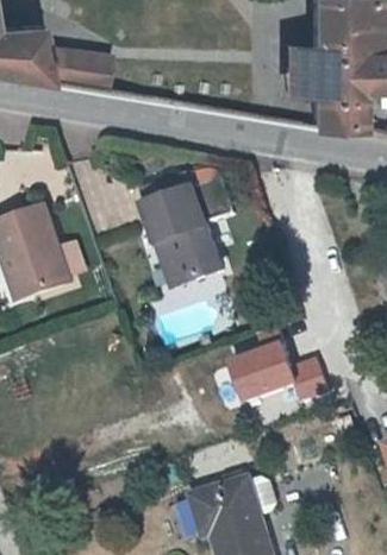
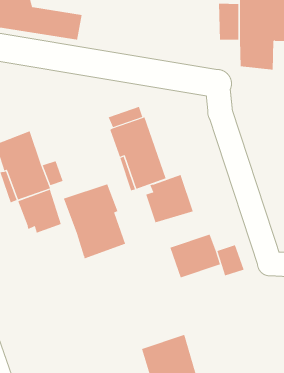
building: none -> [145,174,193,223]
building: none -> [63,183,126,259]
building: none -> [18,189,62,234]

